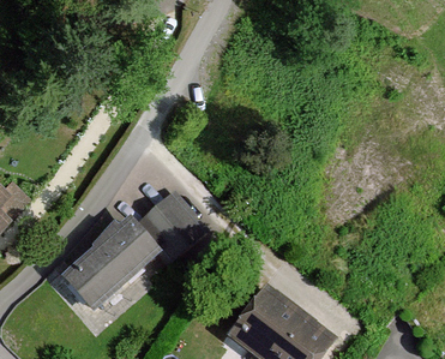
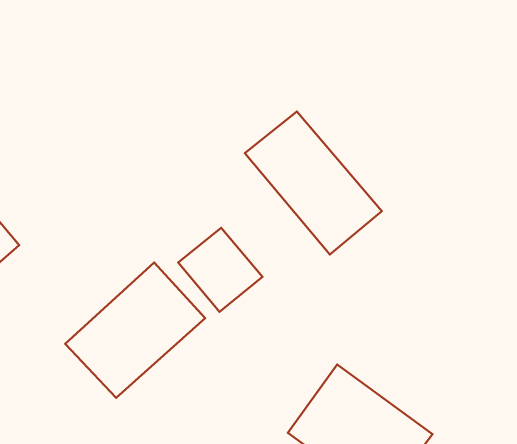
building: none -> [245,111,382,255]

